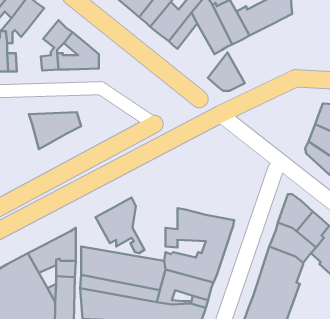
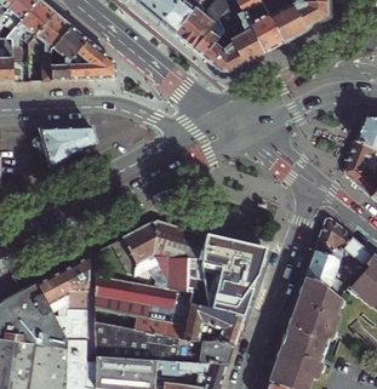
building: none -> [36,12,72,81]
building: [208,53,245,91] -> [204,29,245,71]
building: none -> [153,219,204,292]

